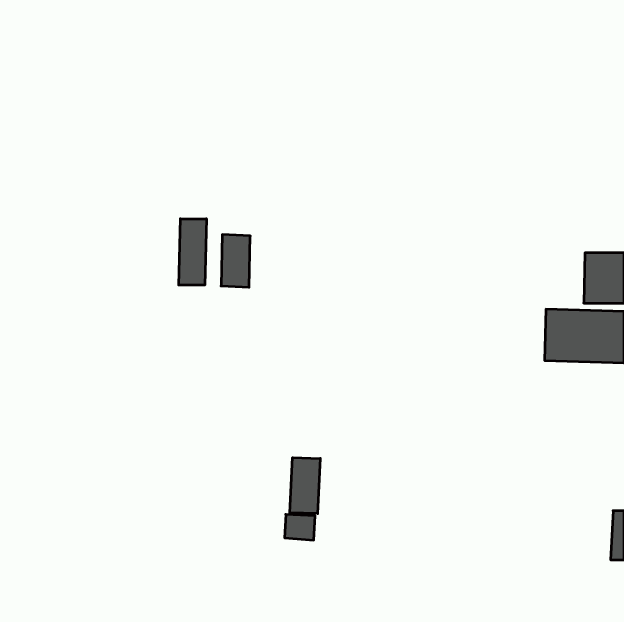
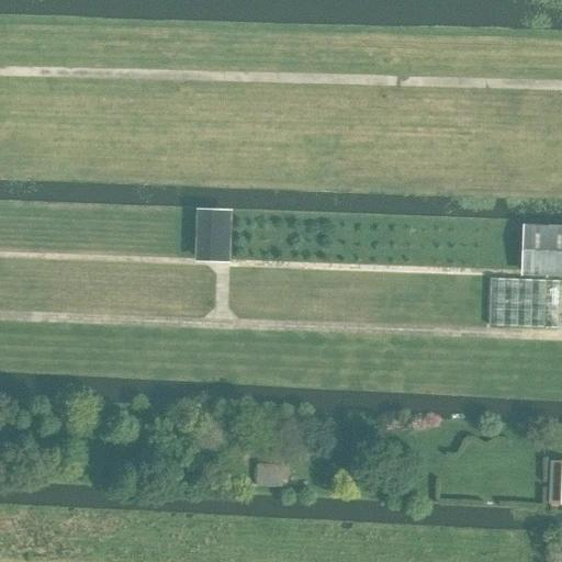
building: [179,219,206,285] -> none
building: [290,458,320,514] -> none

